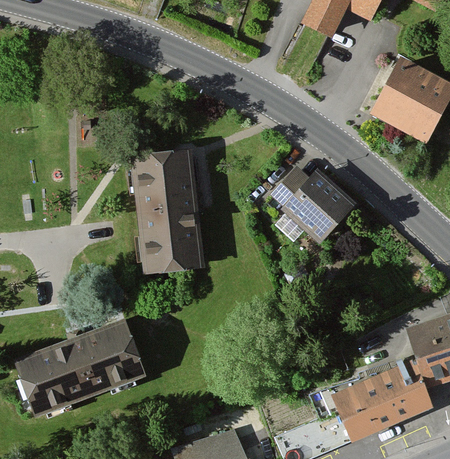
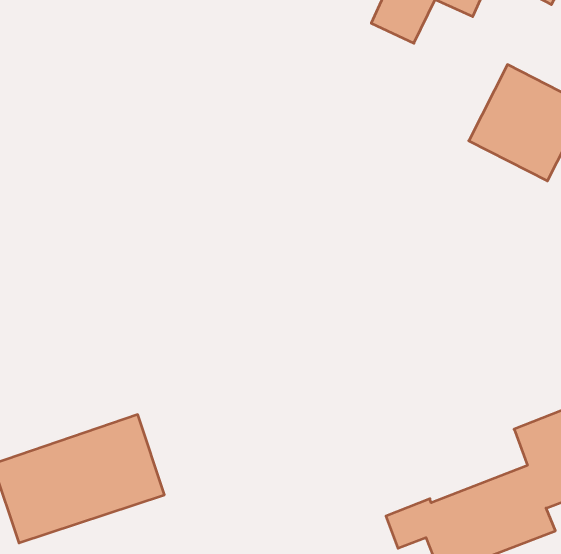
building: [130,152,203,274] -> none
building: [269,166,354,244] -> none

